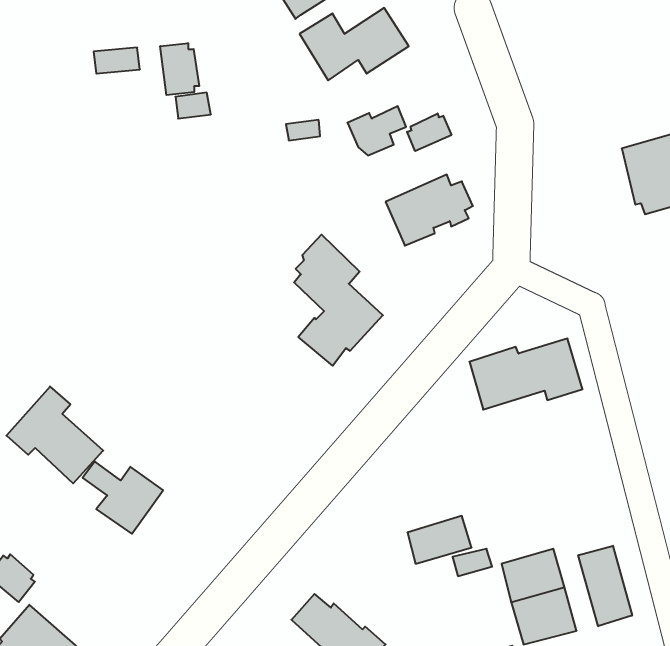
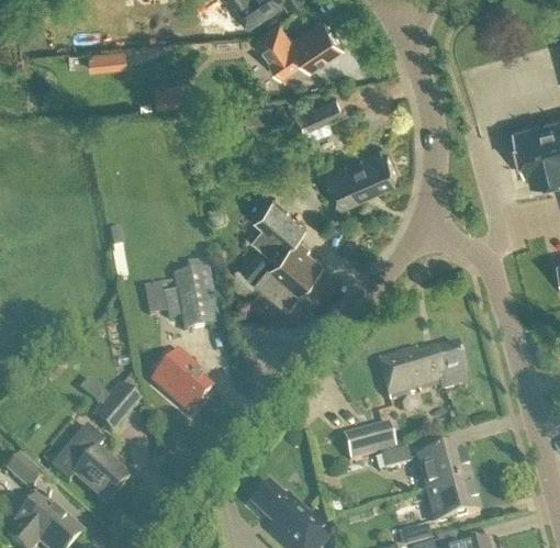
building: [160,43,199,95] -> none
building: [407,113,451,151] -> none
building: none -> [163,258,209,326]
building: [469,339,583,410] -> [377,342,468,399]
building: [6,386,103,483] -> [52,426,130,504]
building: none -> [152,348,214,412]
building: [578,546,632,626] -> none

